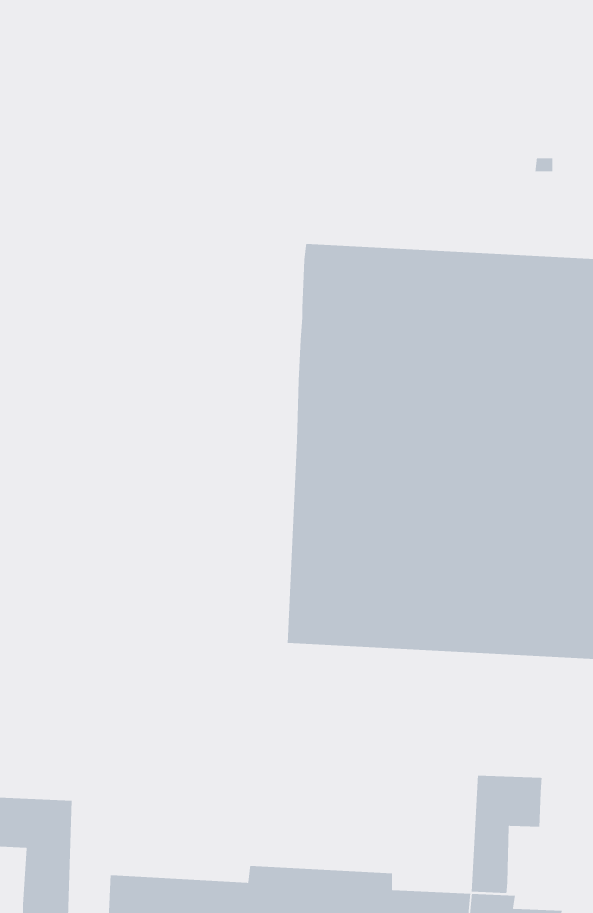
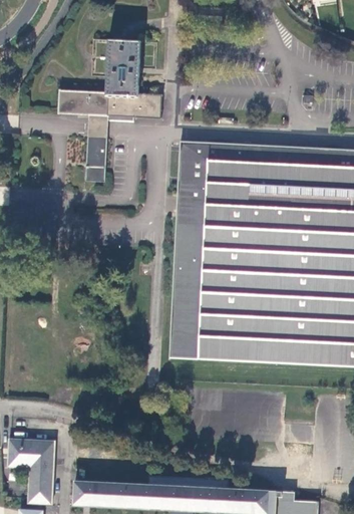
building: none -> [59,39,162,179]
building: [471,775,544,894] -> none

